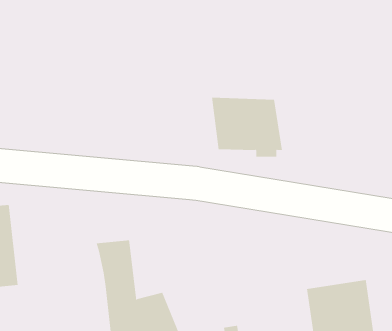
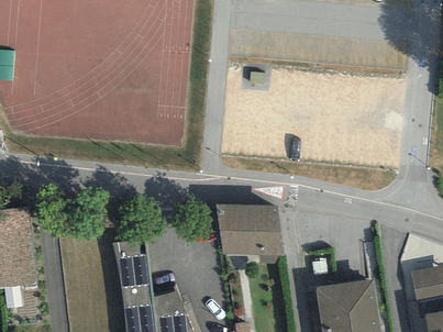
building: [211,97,283,157] -> [215,203,285,262]

